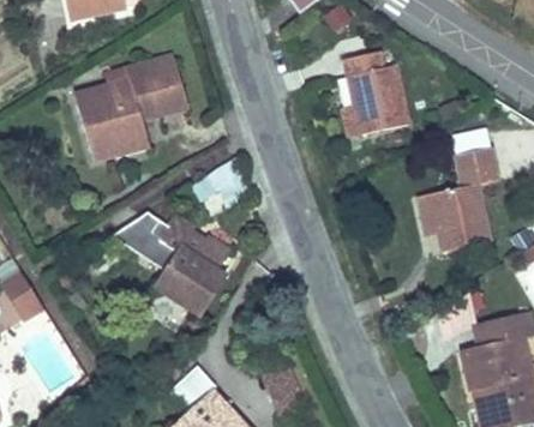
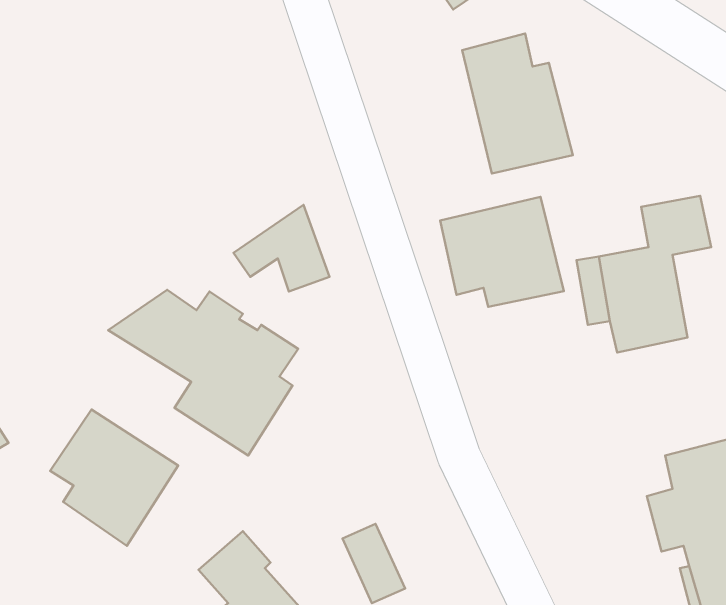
building: [76,54,190,166] -> none
building: none -> [440,197,564,307]
building: none -> [50,409,178,546]

